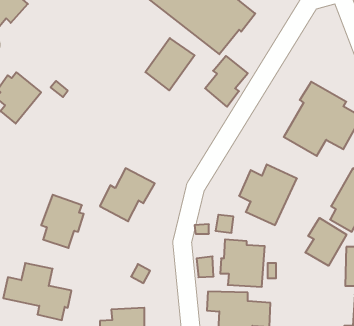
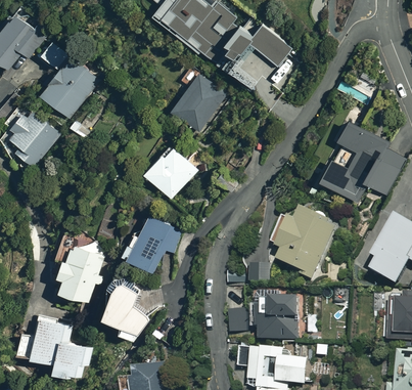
building: none -> [41,41,99,117]
building: [205,56,248,107] -> none
building: none -> [145,146,197,198]
building: [305,218,346,266] -> none
building: none -> [106,284,150,340]

